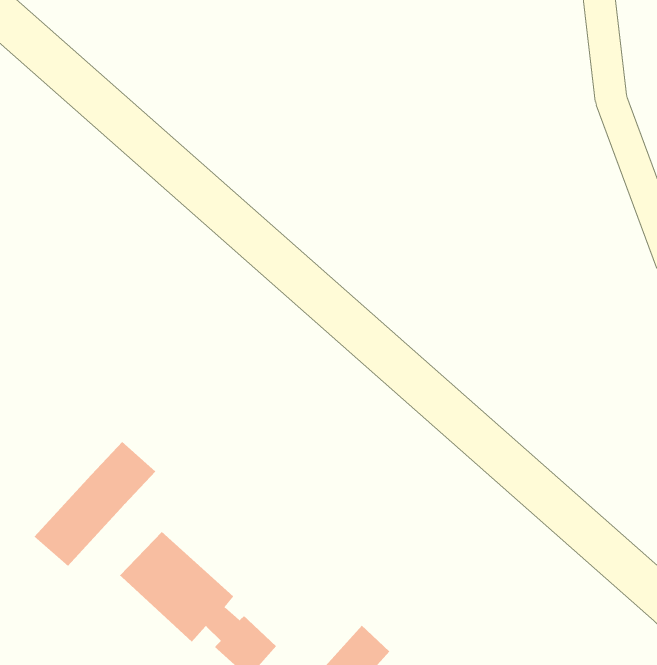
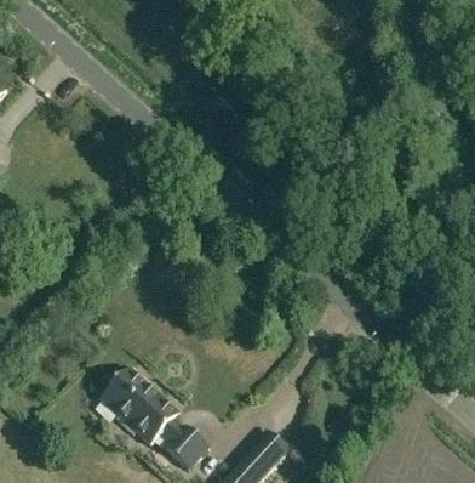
building: [34,441,156,567] -> none

